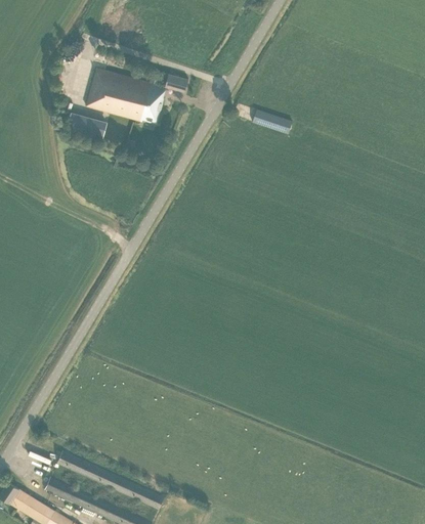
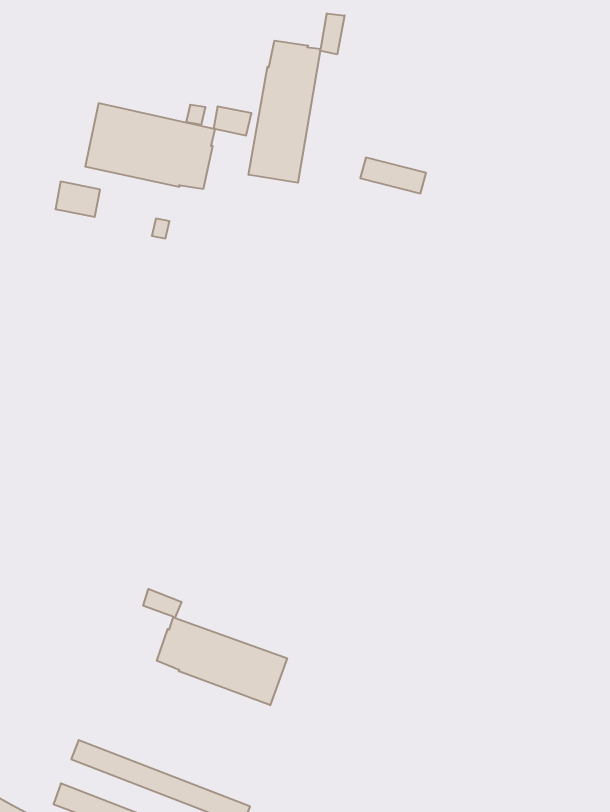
building: none -> [249,13,345,183]
building: none -> [143,589,287,705]

